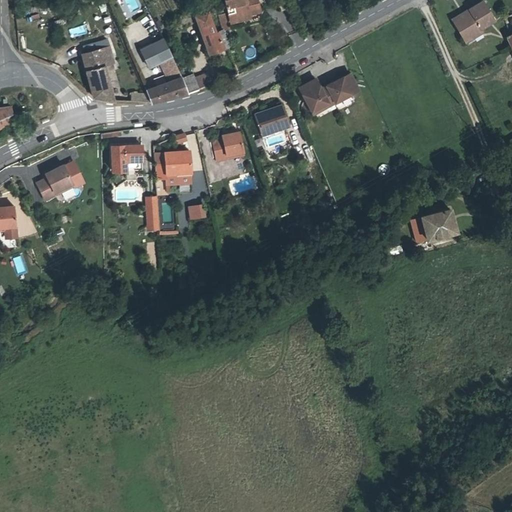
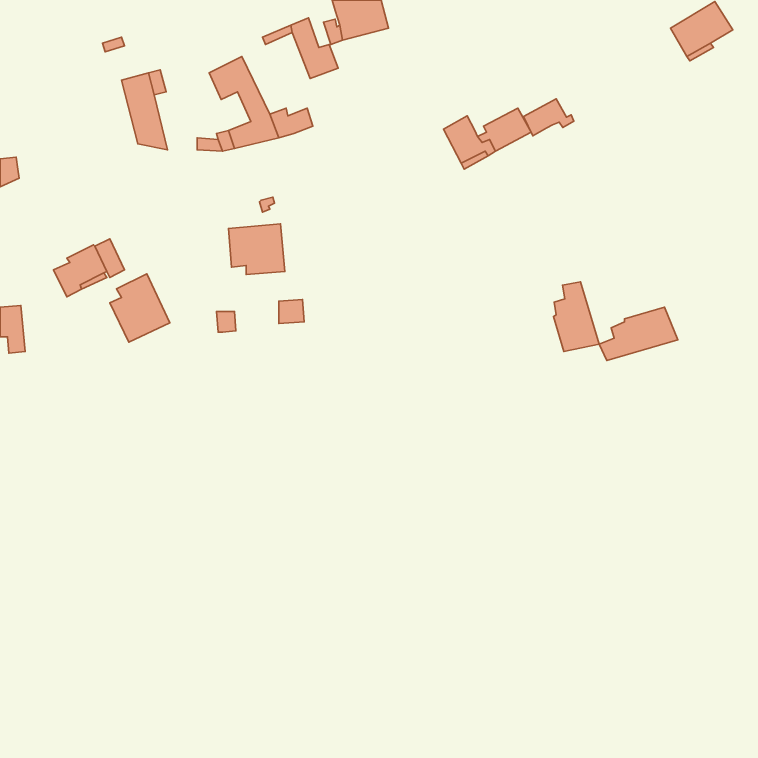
building: none -> [523,99,574,136]
building: [254,105,289,137] -> none
building: [212,131,243,160] -> none
building: [111,145,142,171] -> none
building: none -> [110,274,170,342]
building: none -> [553,282,599,351]

